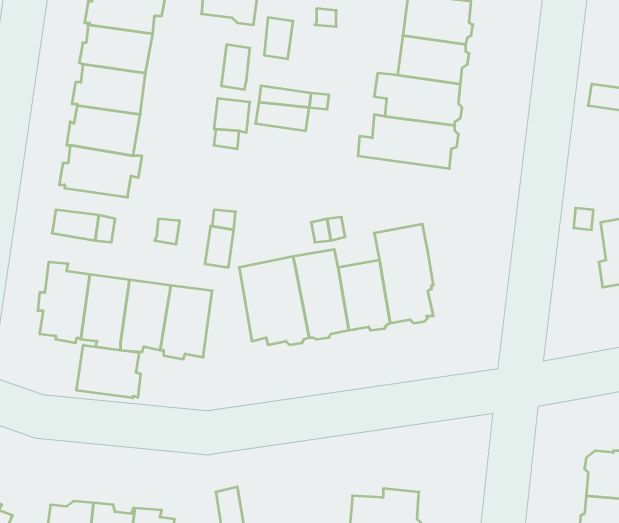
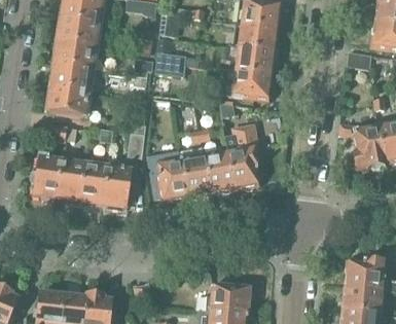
building: [77,345,140,398] -> none

